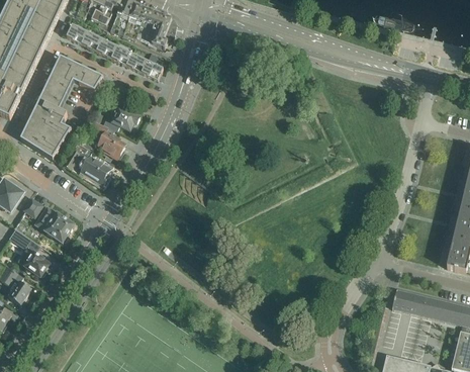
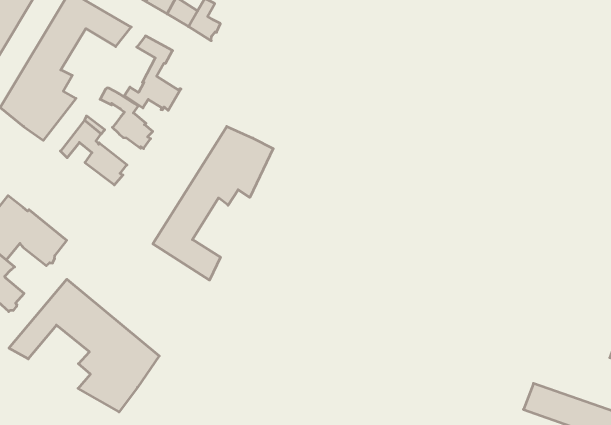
building: none -> [153,126,273,280]
building: none -> [9,279,159,412]

